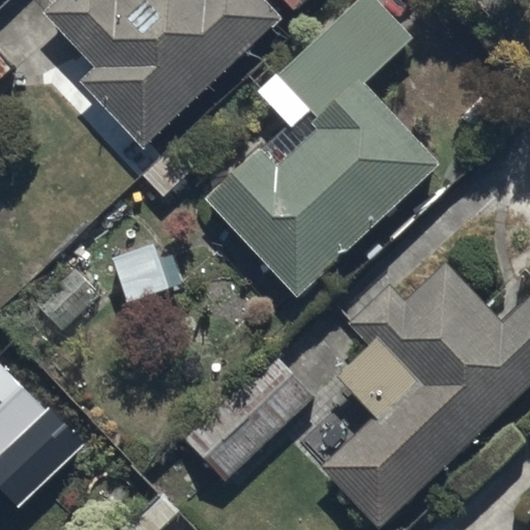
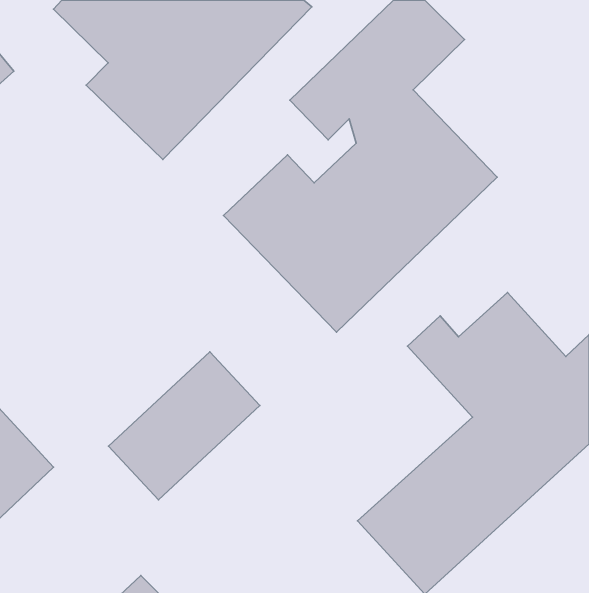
building: [180,351,315,482] -> [109,352,260,500]

